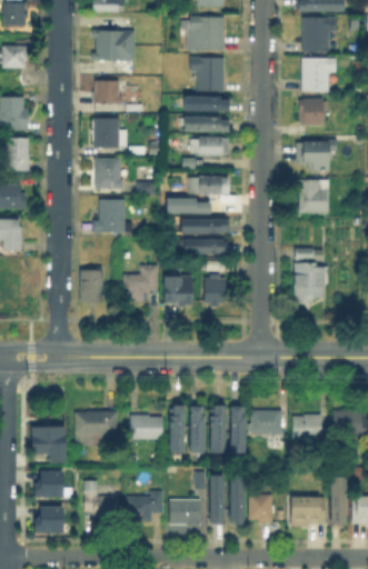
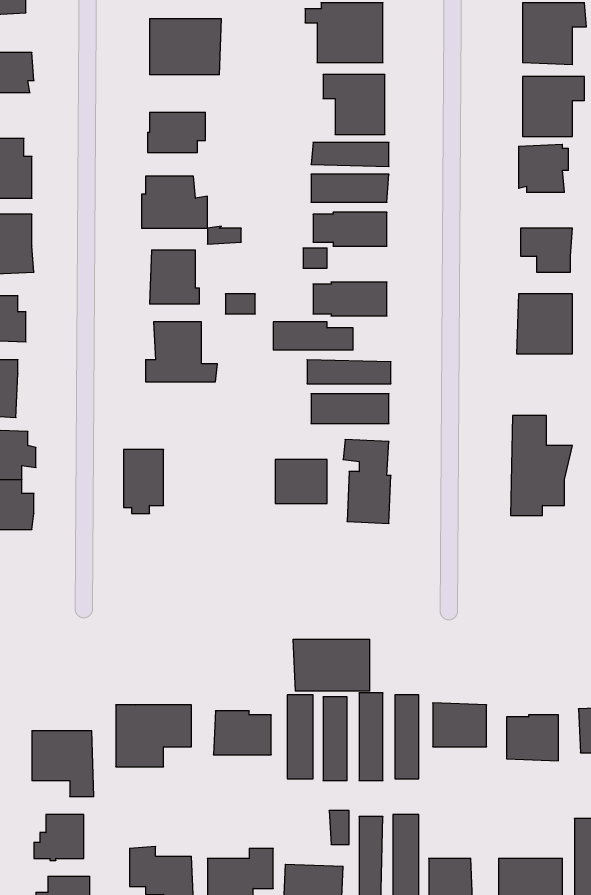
building: [122,264,160,306] -> none
building: none -> [293,639,370,691]

